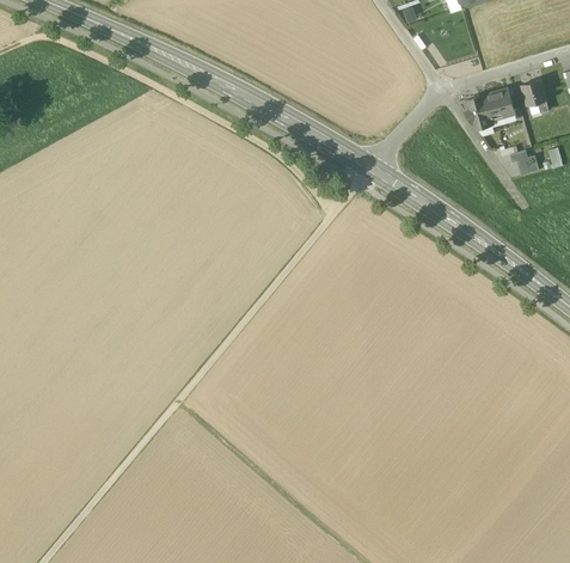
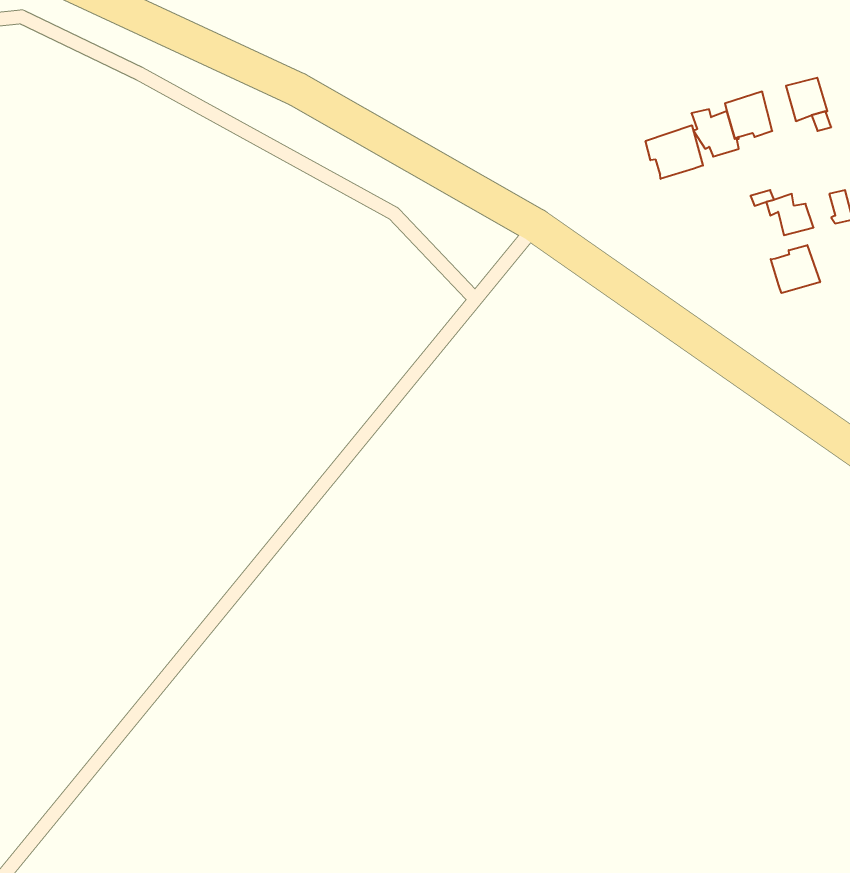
building: none -> [646,125,703,179]
building: none -> [771,245,820,293]

